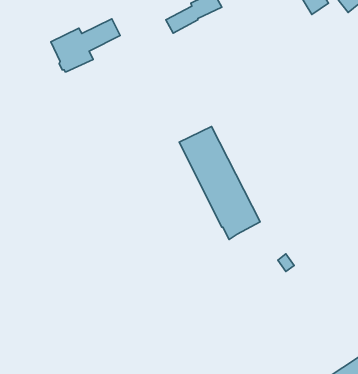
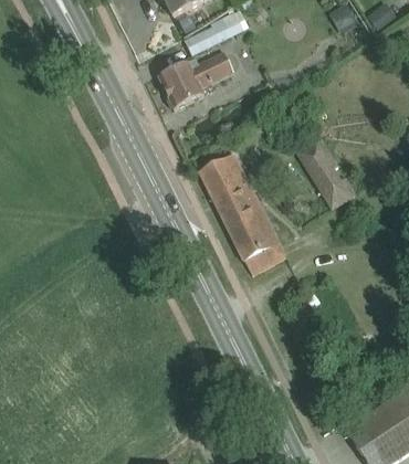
building: [51,19,120,72] -> [158,52,232,108]
building: none -> [298,140,349,207]

